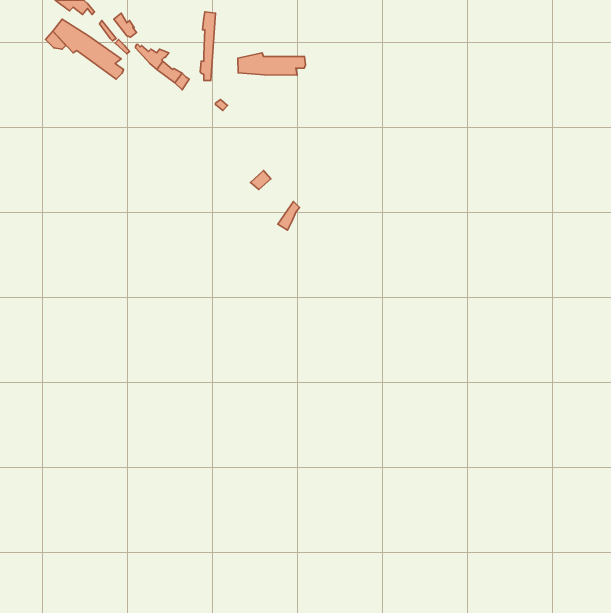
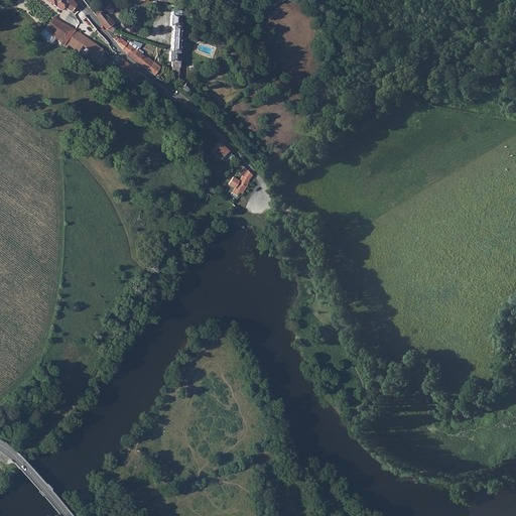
building: [238,53,305,75] -> none

